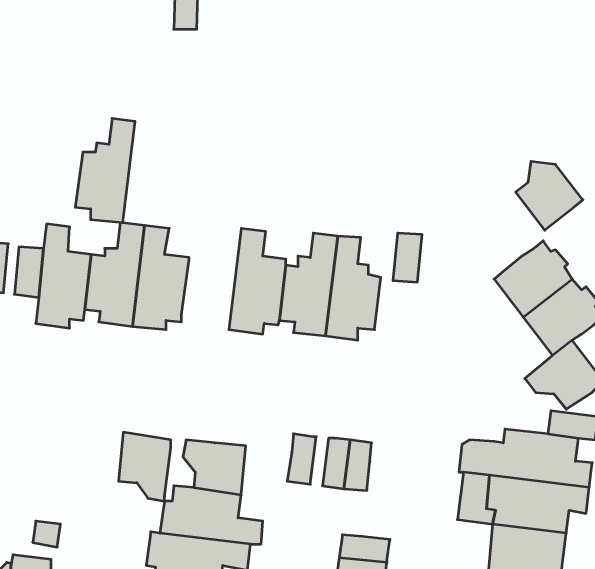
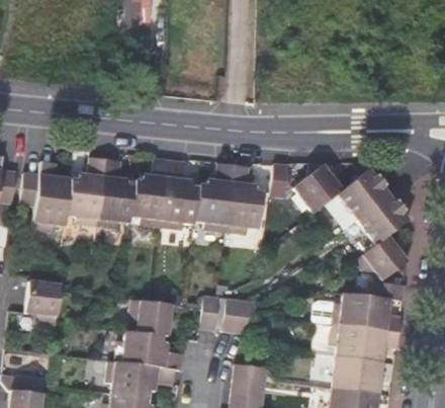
building: [75,118,135,223] -> [129,159,169,228]
building: [516,161,583,230] -> [297,164,342,210]
building: [119,432,171,501] -> [25,280,60,326]

